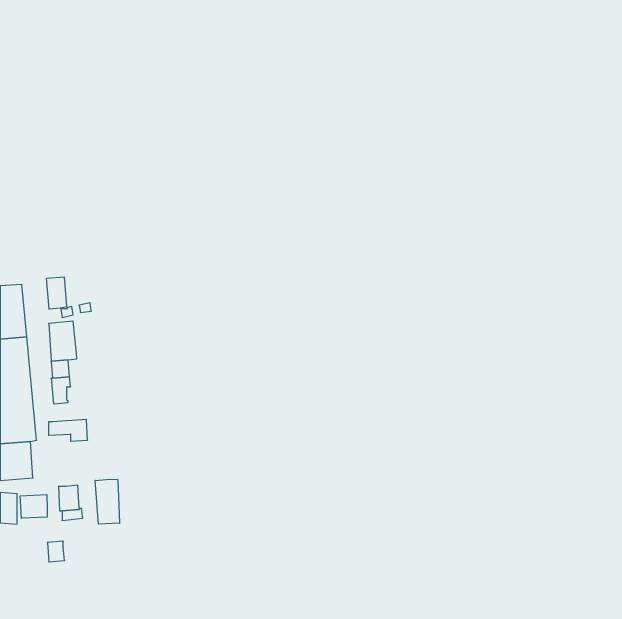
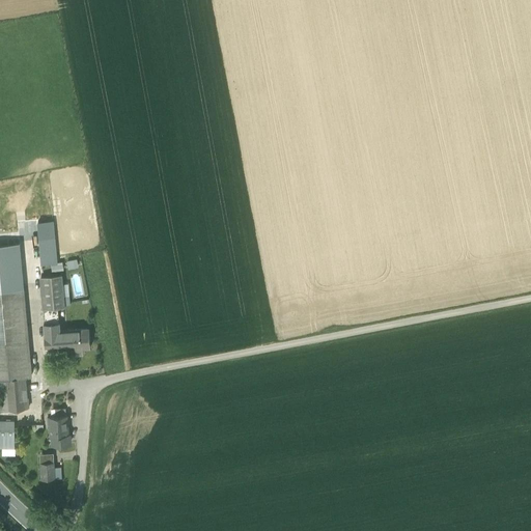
building: [49,419,88,441] -> [57,330,90,348]
building: [95,479,120,524] -> none
building: [20,495,47,518] -> none

